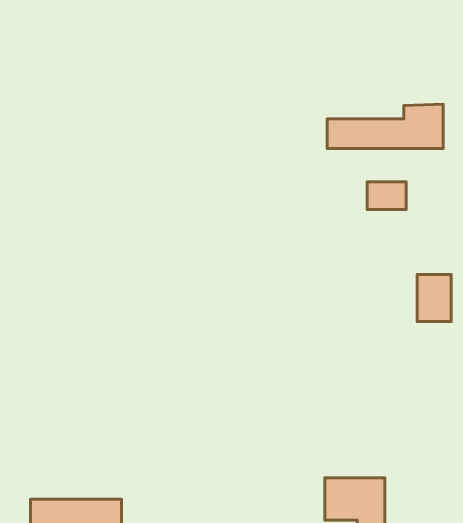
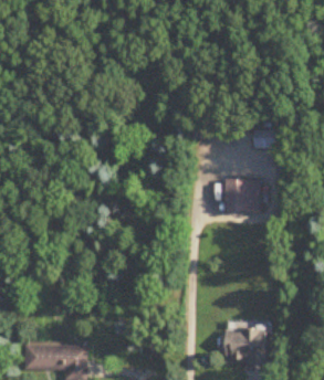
building: [327,104,443,149] -> none
building: [417,274,451,322] -> [226,179,249,211]

